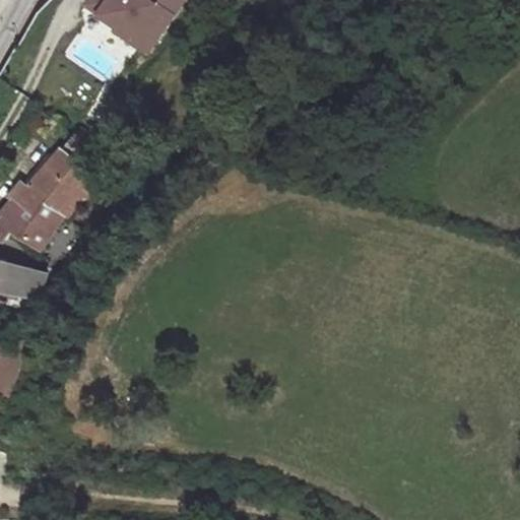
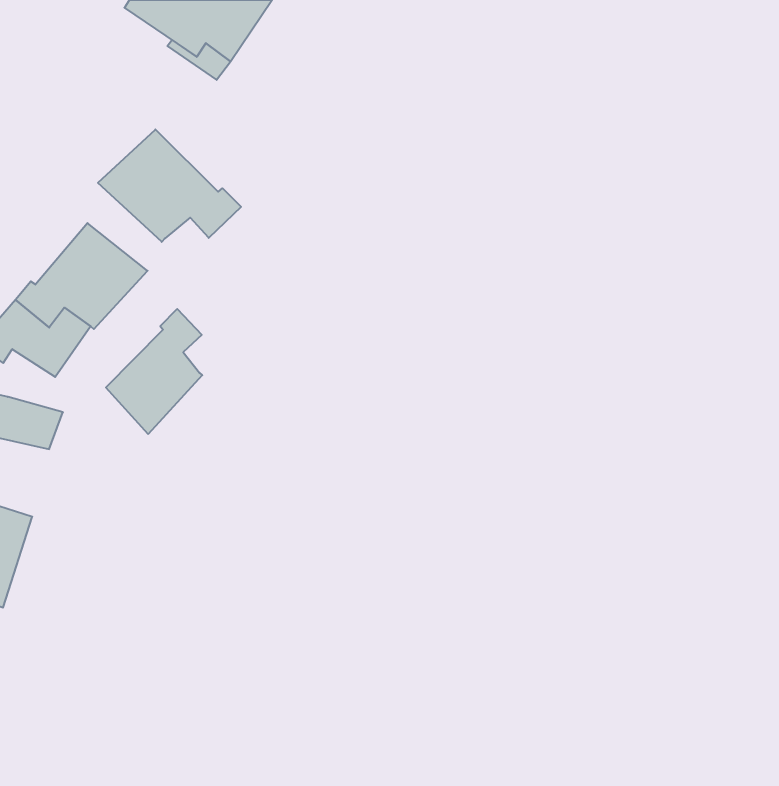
building: none -> [98,129,241,242]
building: none -> [106,309,202,434]

